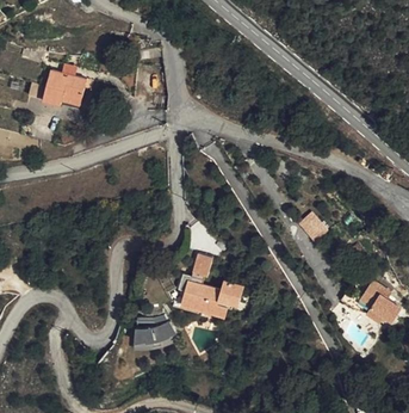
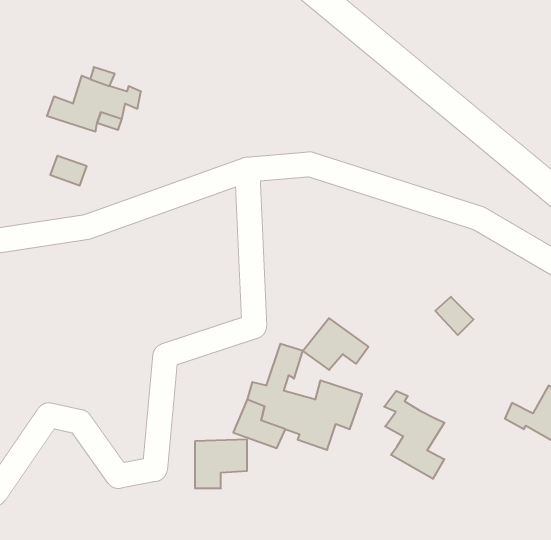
building: none -> [303,318,368,370]
building: none -> [384,391,444,479]

